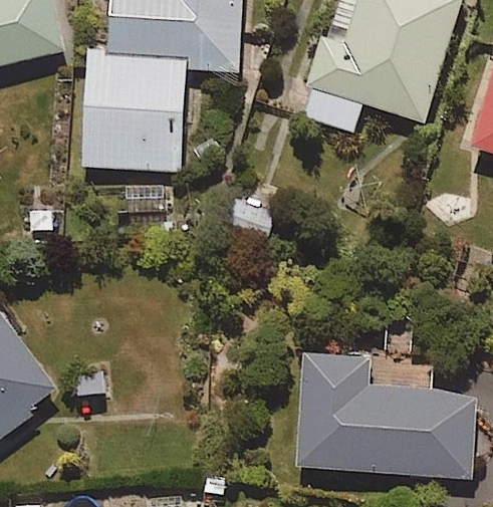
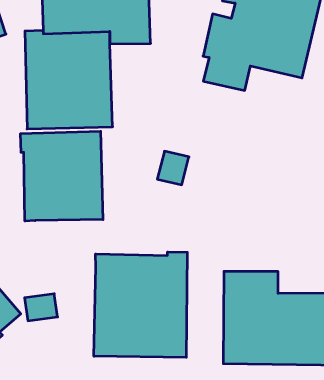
building: none -> [21,131,103,221]
building: none -> [94,252,187,357]

